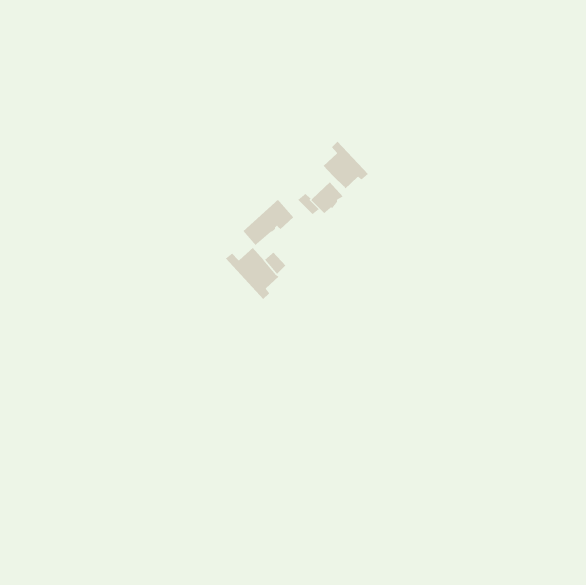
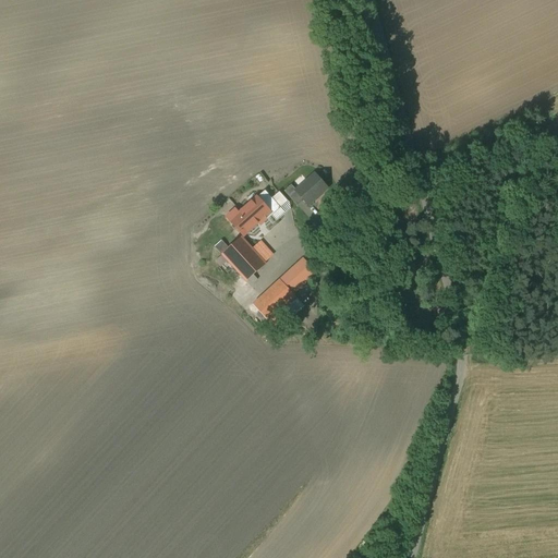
building: [323,141,369,189] -> none
building: none -> [254,259,319,320]

